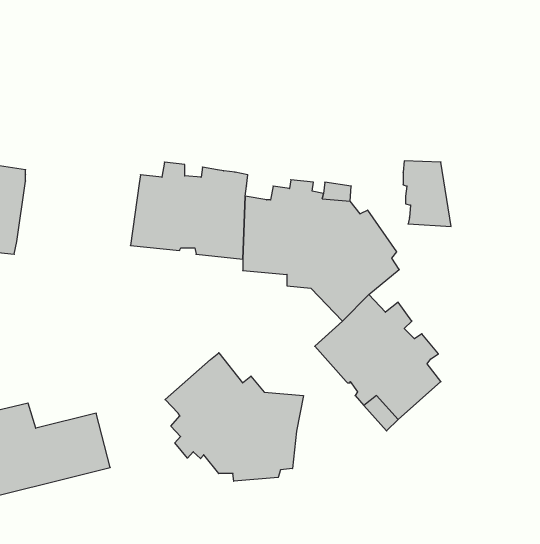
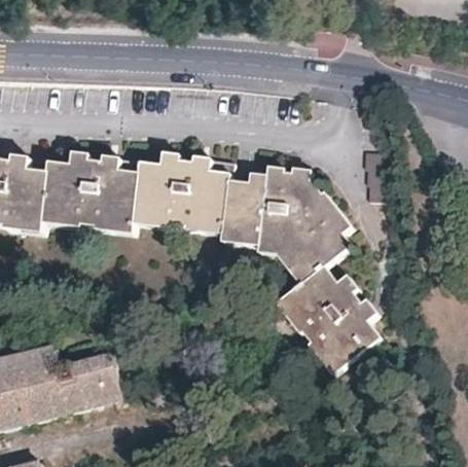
building: none -> [36,152,137,229]
building: [165,353,303,481] -> none

